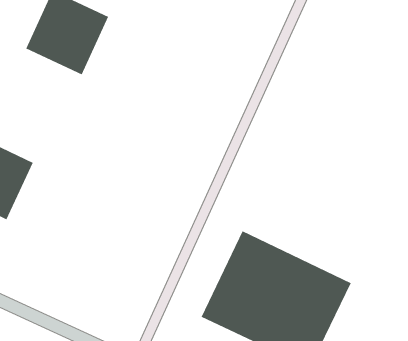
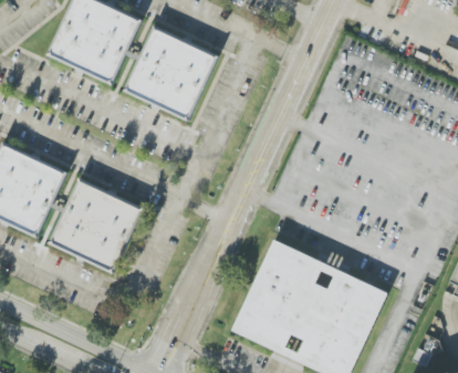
building: none -> [127,29,214,117]
building: none -> [53,180,139,268]

